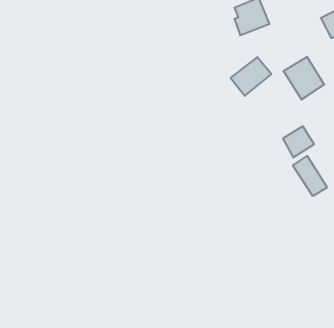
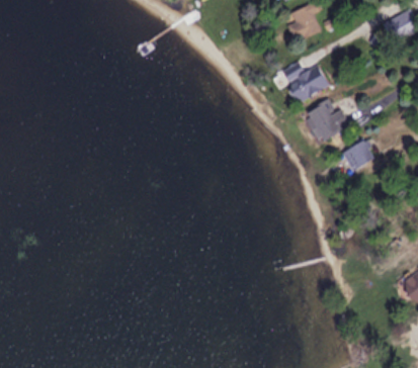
building: [283,57,324,100] -> [304,96,347,142]
building: [293,156,327,196] -> none

